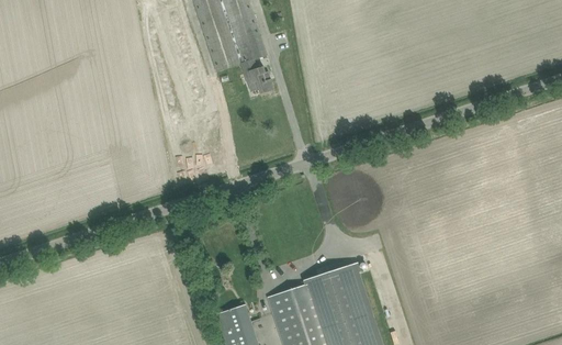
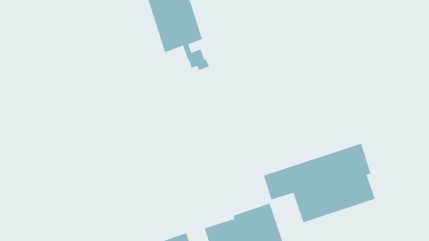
building: none -> [263,143,376,223]

